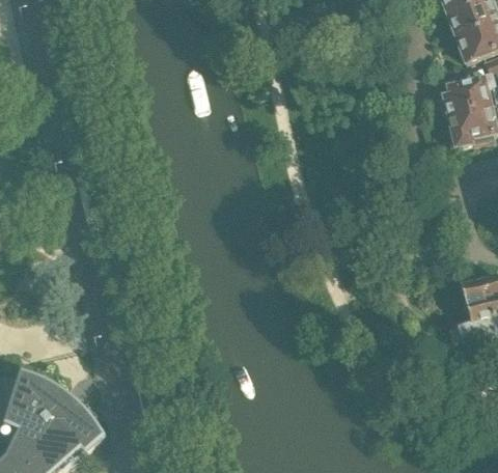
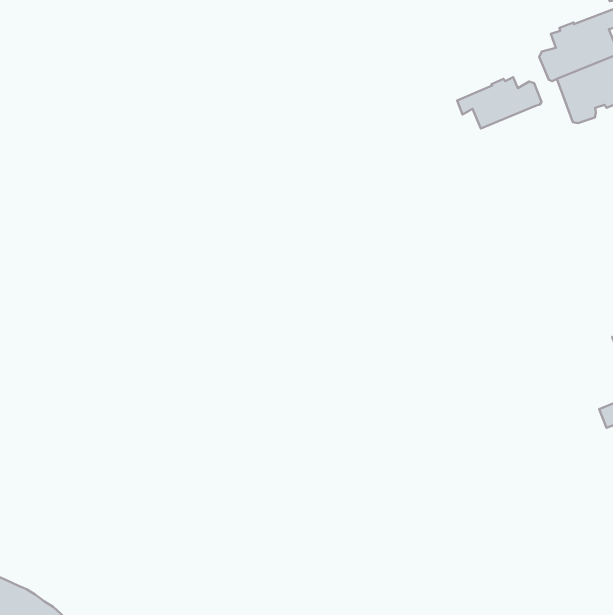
building: none -> [457,77,541,129]

